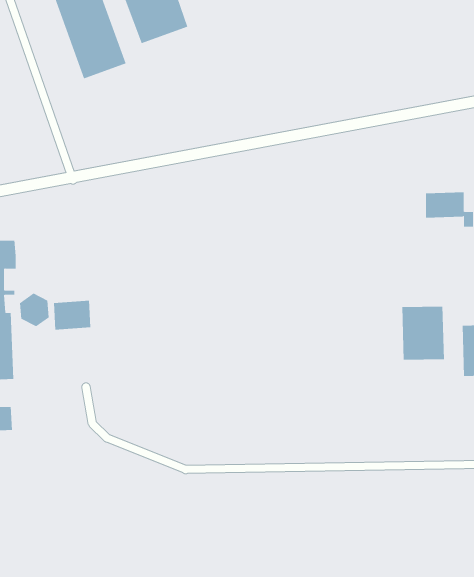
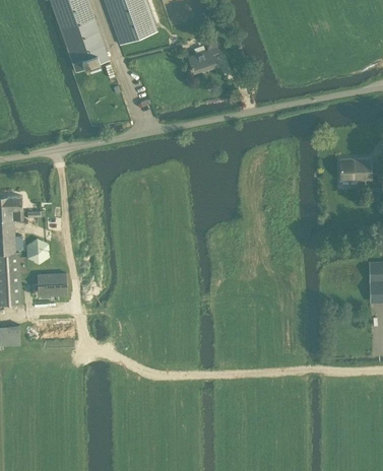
building: none -> [189,40,219,71]
building: [53,300,91,330] -> [38,272,67,295]
building: [402,306,444,361] -> none

